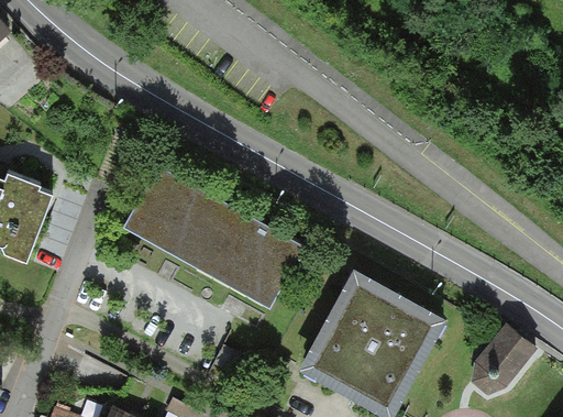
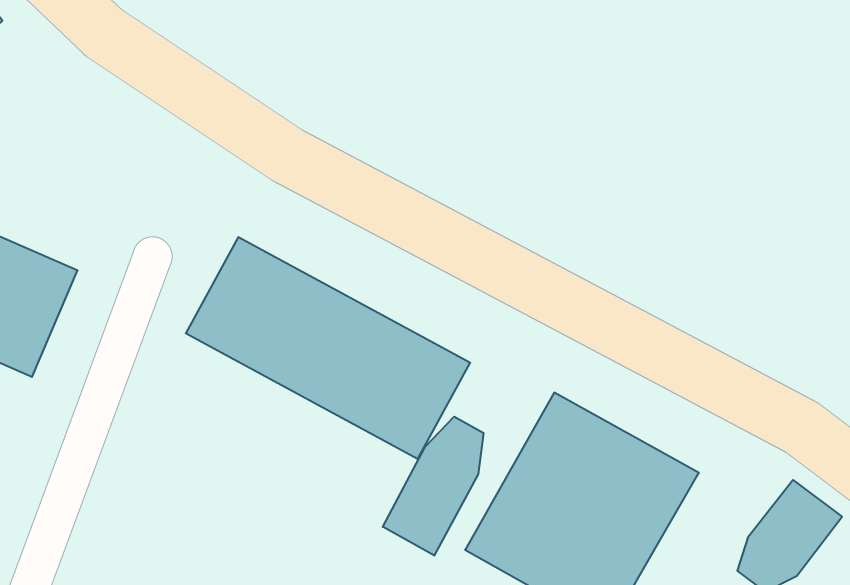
building: none -> [383,417,484,556]

